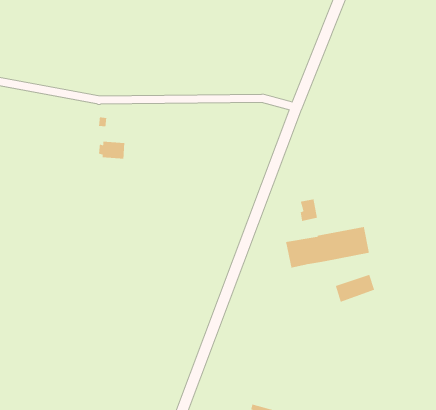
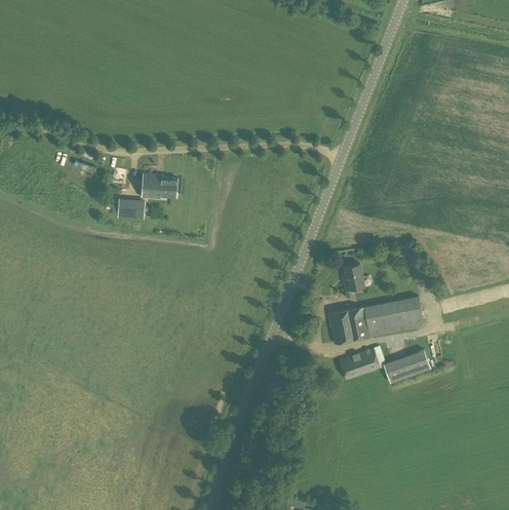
building: none -> [142,173,178,198]
building: none -> [339,348,381,381]

